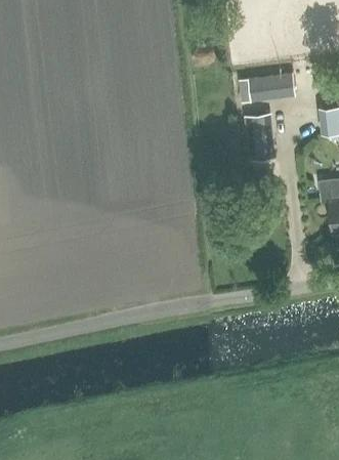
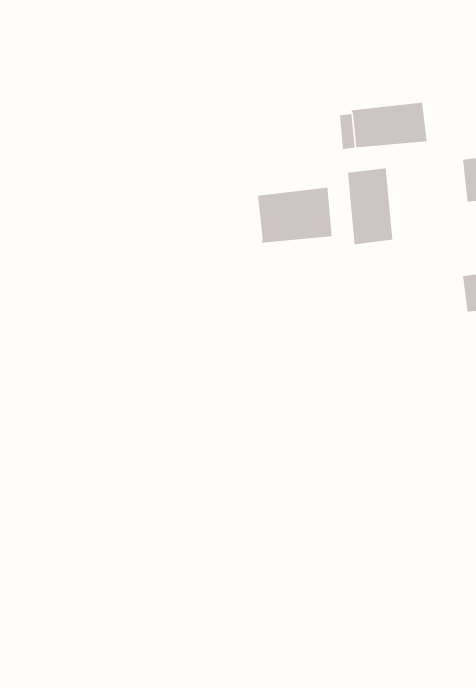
building: none -> [257,187,332,243]

